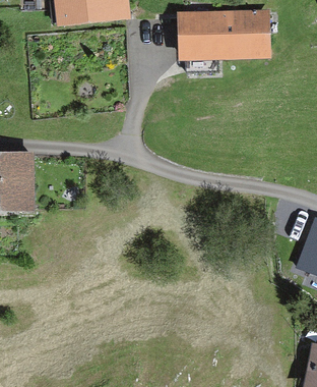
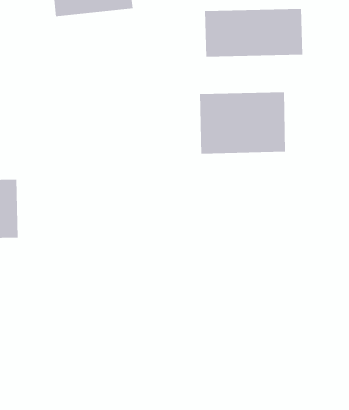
building: none -> [199,91,286,154]

